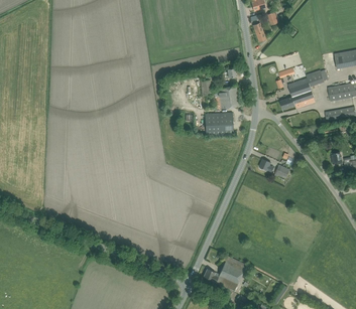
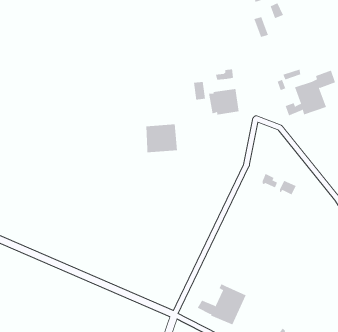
building: [205,113,233,138] -> [145,124,178,153]

